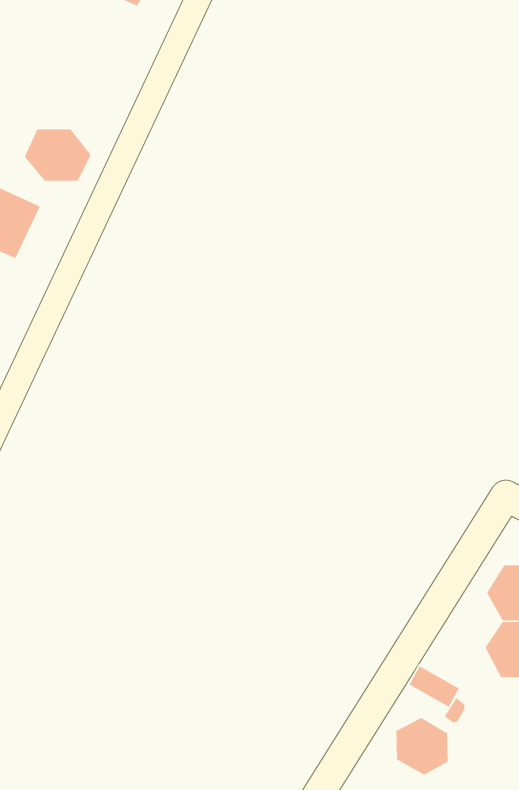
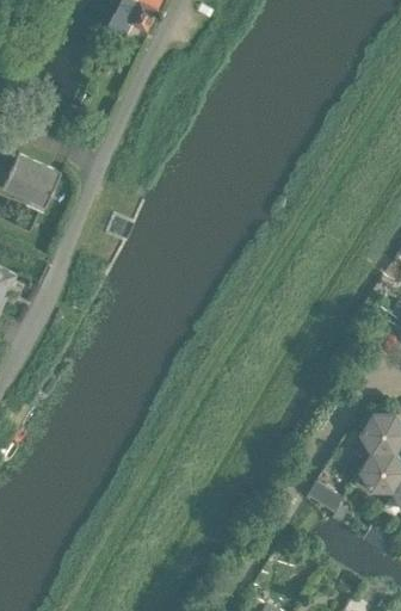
building: [24,128,92,181] -> none
building: [395,717,448,776] -> none

